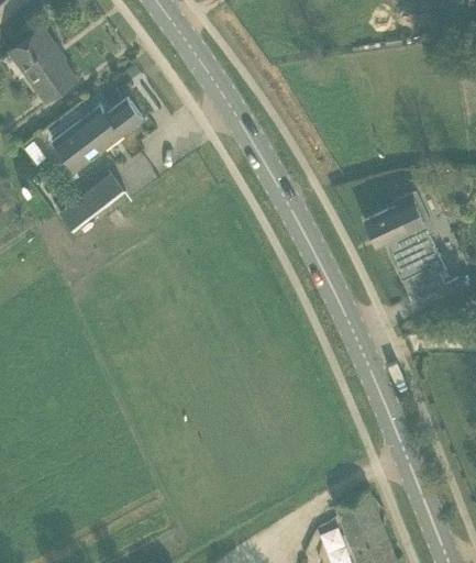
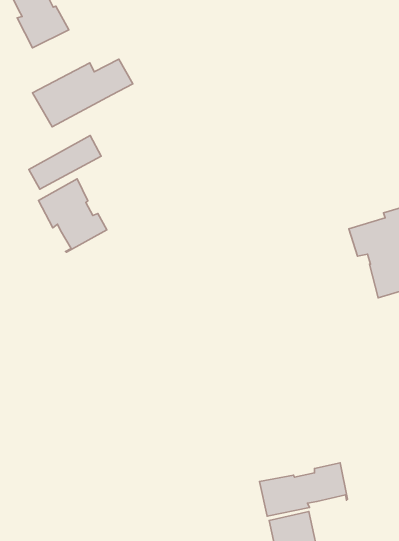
building: none -> [38,179,107,252]
building: none -> [260,463,348,516]

